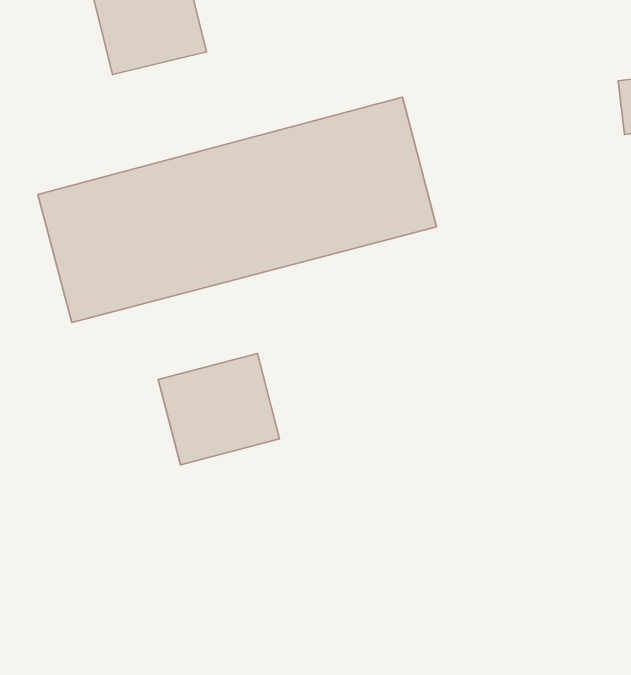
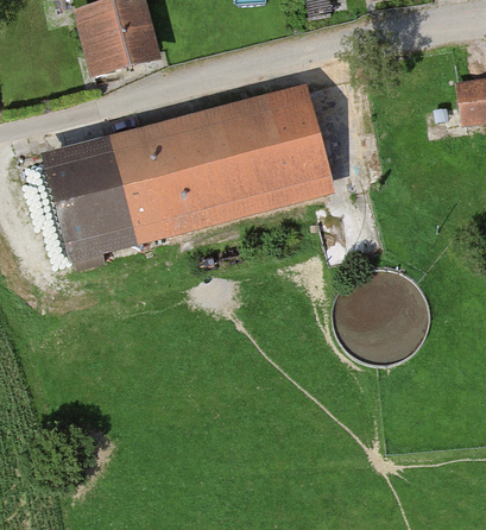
building: [158,354,280,465] -> none

